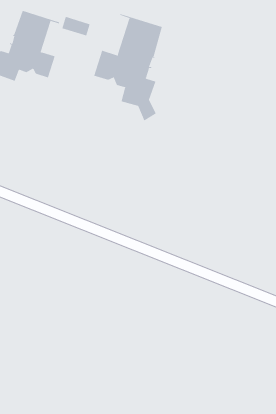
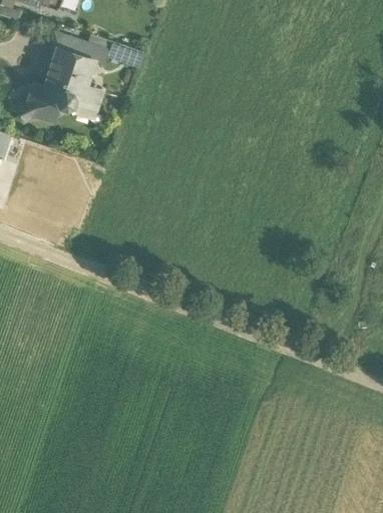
building: [93,13,162,122] -> none

